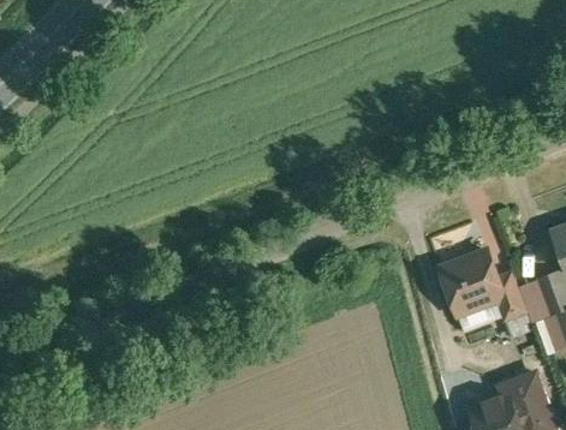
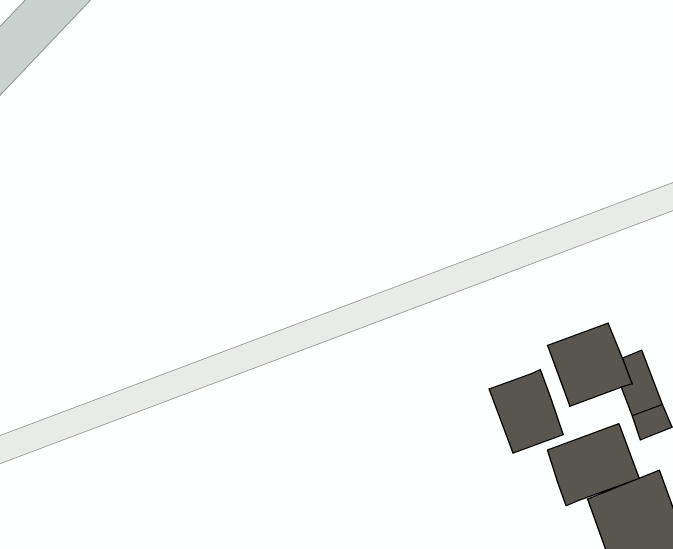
building: none -> [489,369,563,453]
building: none -> [547,424,639,506]

